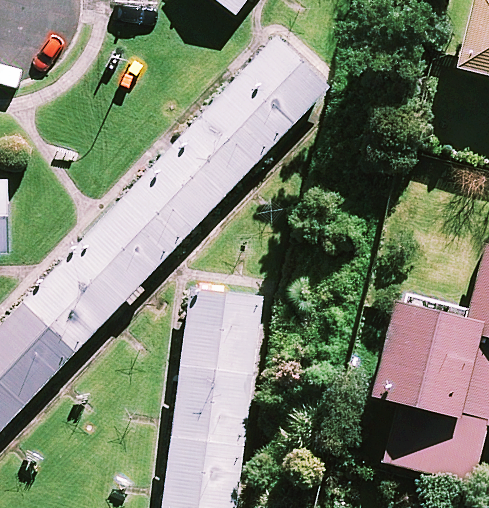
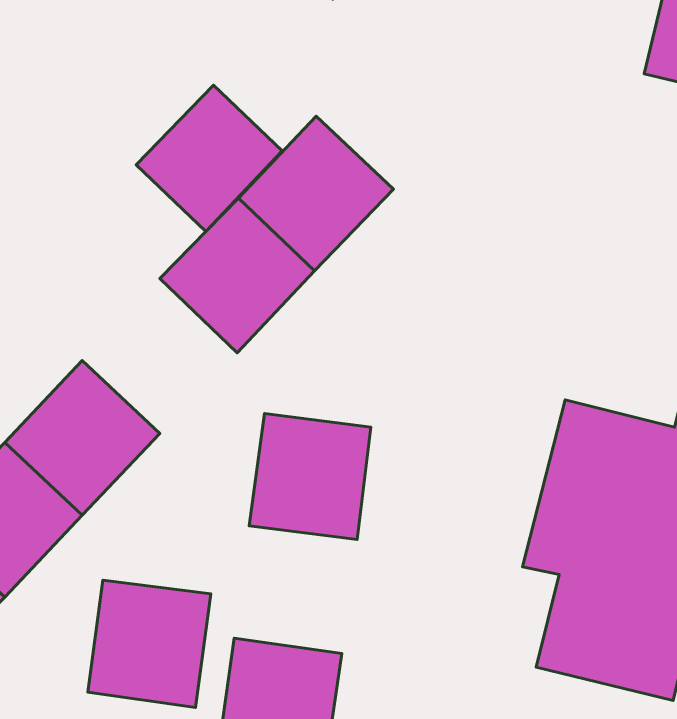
building: [228,37,330,139] -> none
building: none -> [136,85,282,232]
building: [74,198,176,300] -> none
building: [174,361,255,445] -> [88,580,211,707]

